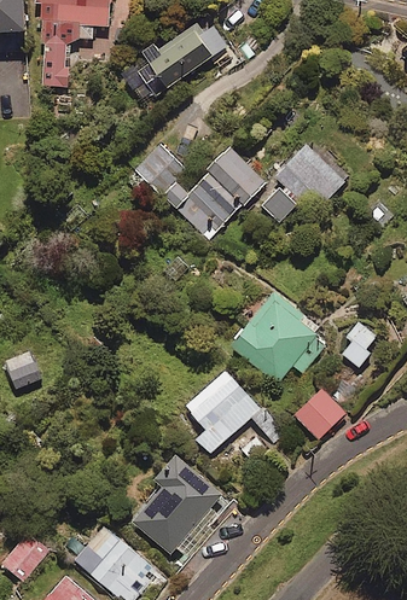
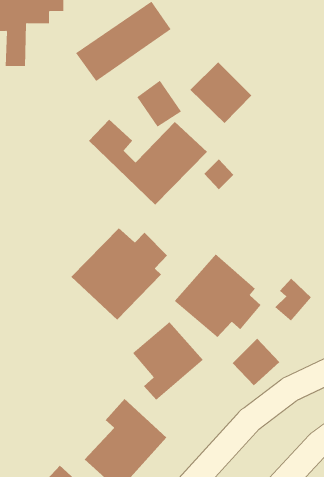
building: none -> [136,80,182,127]
building: [275,144,344,212] -> [190,61,252,124]
building: none -> [71,228,168,321]

